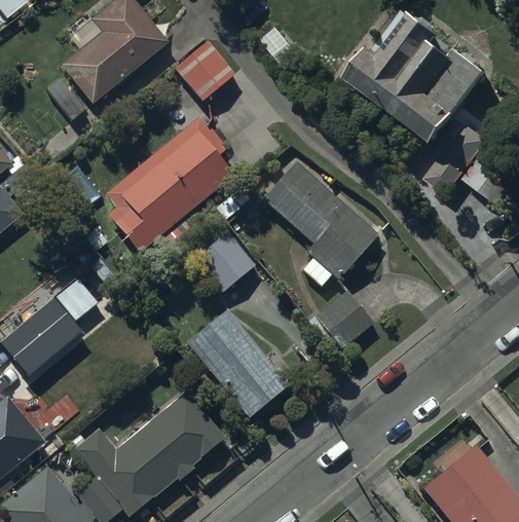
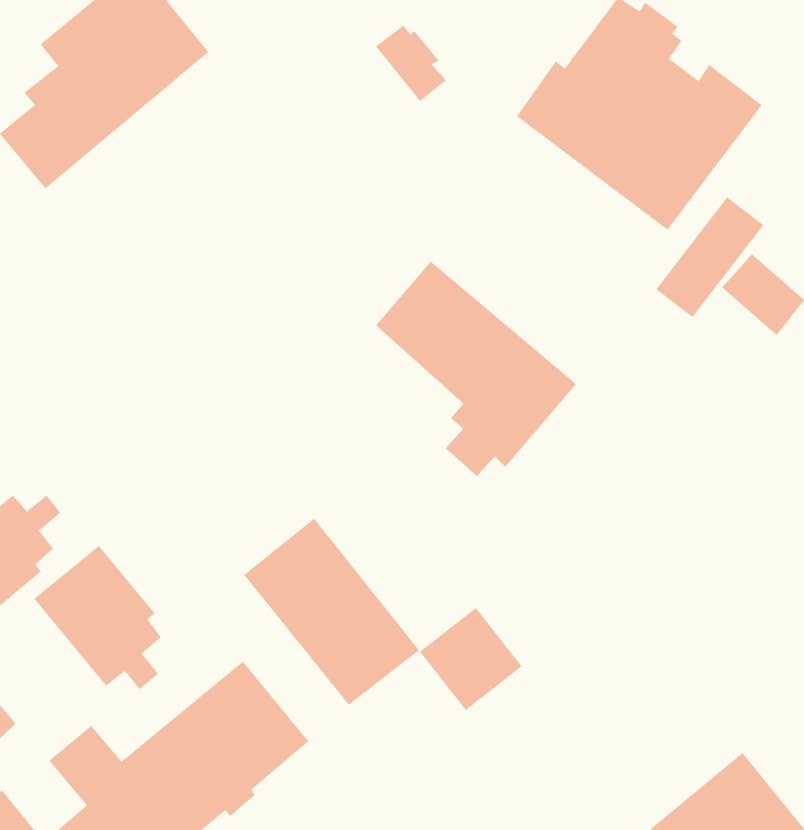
building: [175,40,235,102] -> none
building: [106,118,233,252] -> none
building: [194,231,256,293] -> none
building: [314,290,374,349] -> [419,607,523,711]
building: none -> [33,545,161,690]

